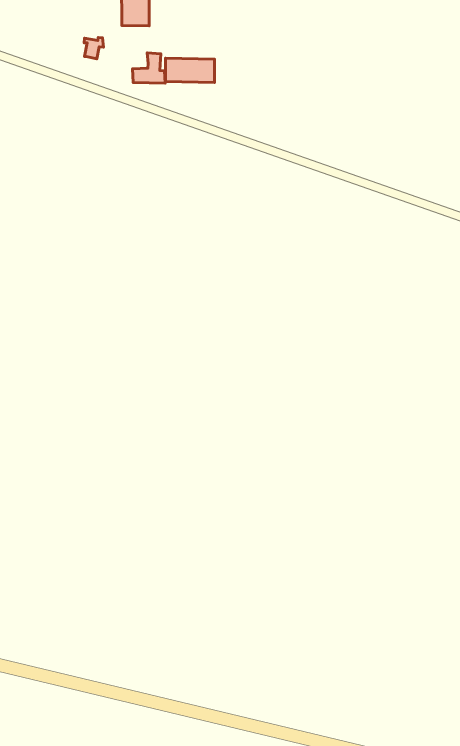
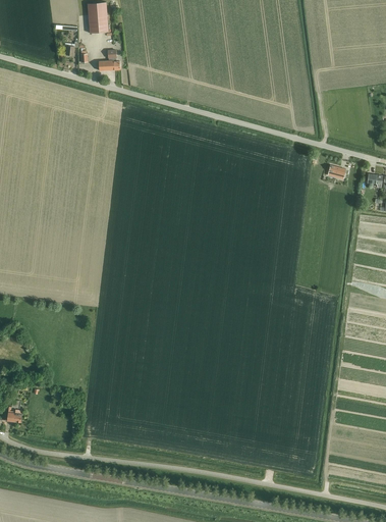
building: [166,58,215,82] -> none

